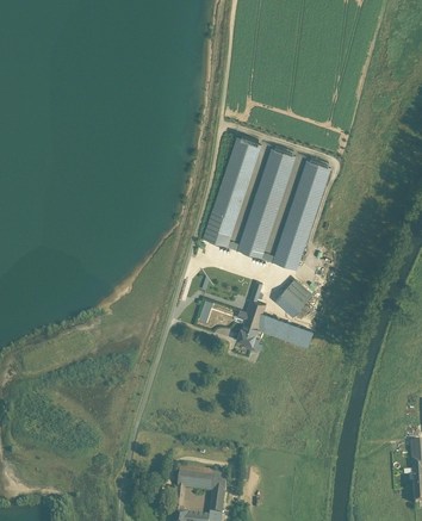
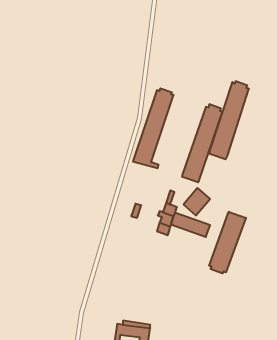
building: [238,144,296,256] -> [209,81,249,159]
building: none -> [209,212,246,273]

